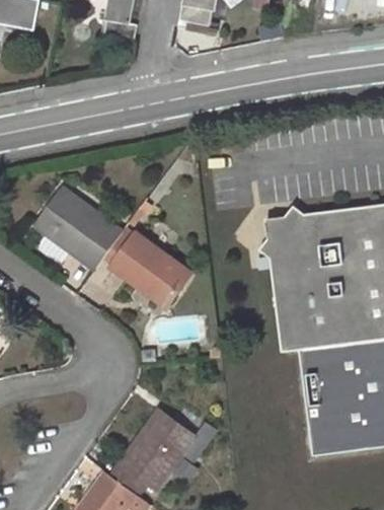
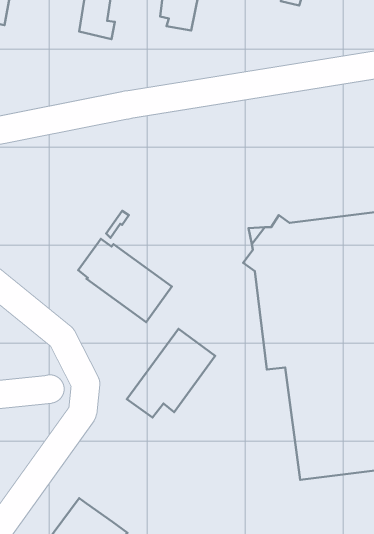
building: [35,188,123,269] -> none
building: [111,411,195,494] -> [127,329,215,417]

